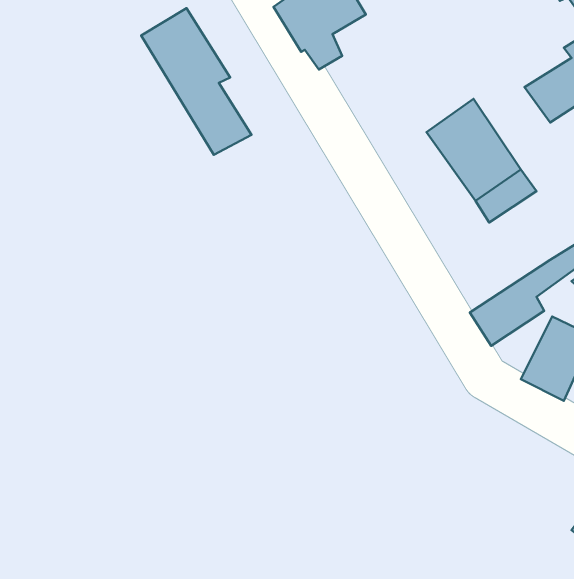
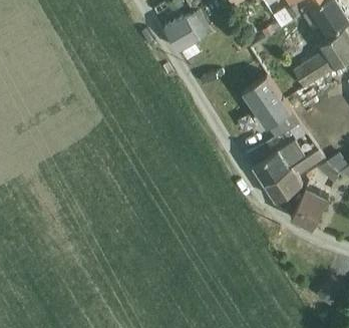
building: [141,8,252,155] -> none
building: none -> [246,140,305,185]

